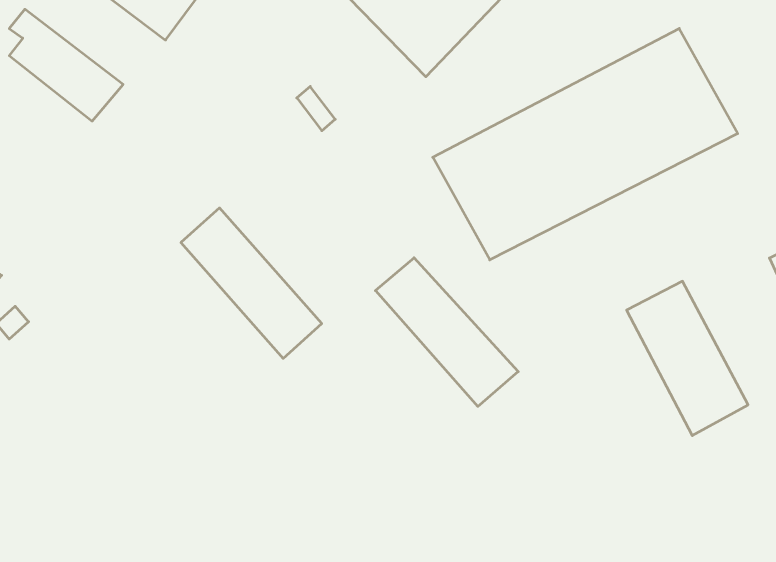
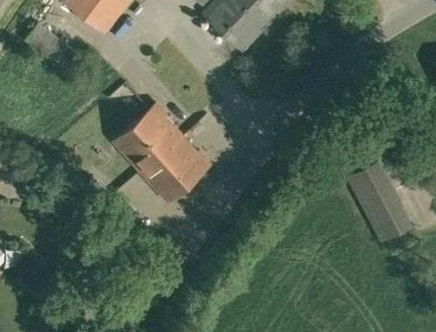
building: [433,28,738,260] -> none
building: [375,258,518,406] -> [134,105,208,183]

